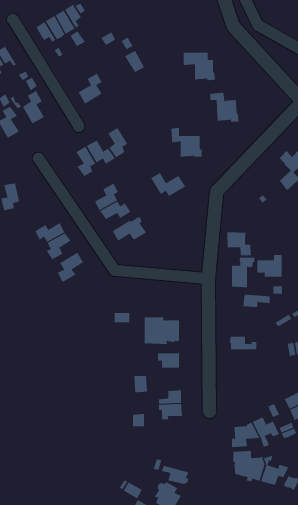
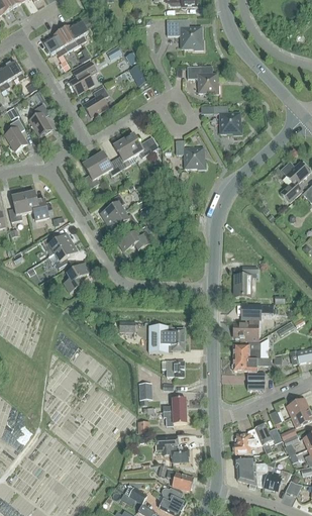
building: none -> [167,19,203,49]
building: none -> [70,62,96,94]
building: [150,172,186,197] -> [123,133,159,158]
building: none -> [23,191,48,220]
building: [227,231,251,256] -> none
building: [257,255,282,277] -> [233,318,258,340]
building: none -> [232,357,271,389]
building: none -> [154,436,189,462]

